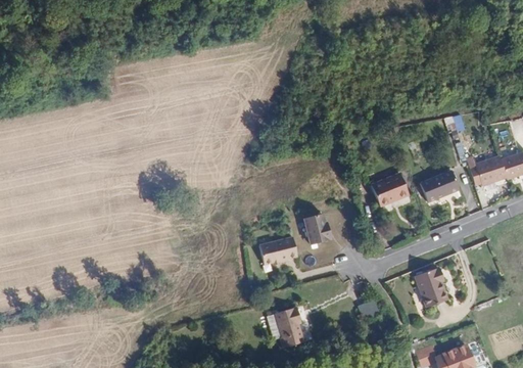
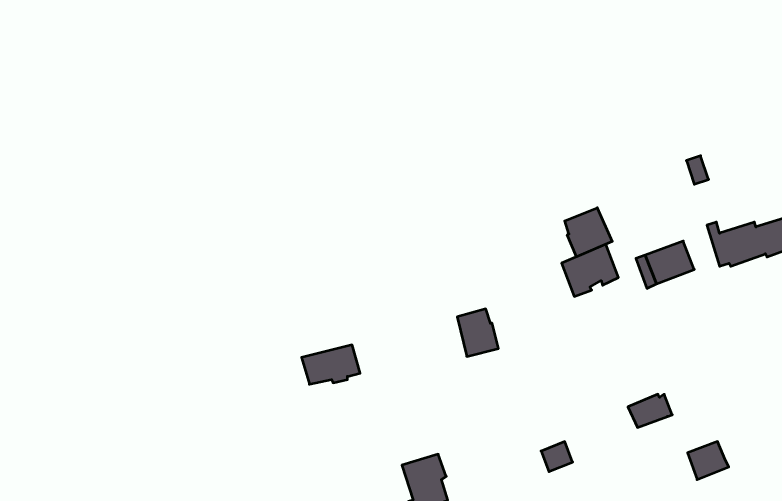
building: none -> [565,208,612,257]
building: [262,238,299,264] -> [302,345,360,384]
building: [421,283,447,308] -> [688,442,729,480]

